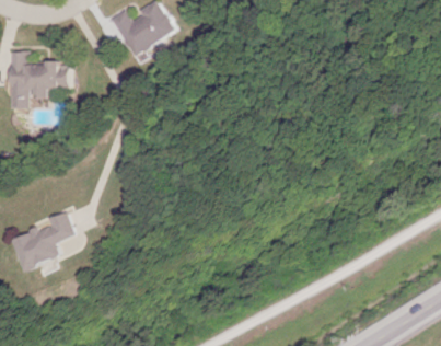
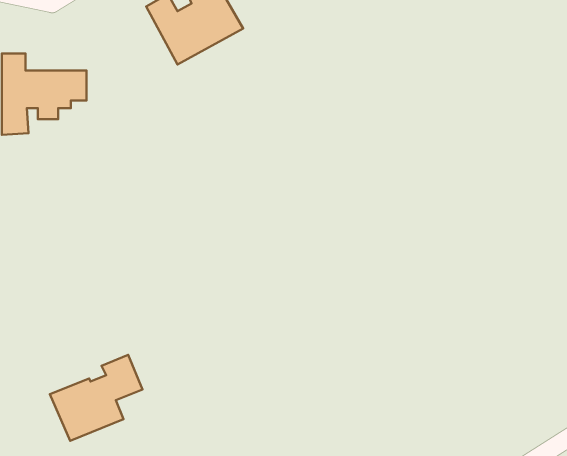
building: [15,210,80,270] -> [50,355,142,441]

